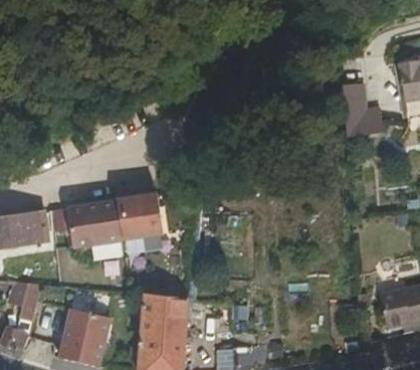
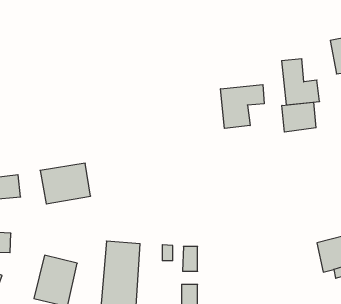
building: none -> [221,85,264,128]
building: none -> [282,102,316,132]
building: [119,195,167,239] -> none

